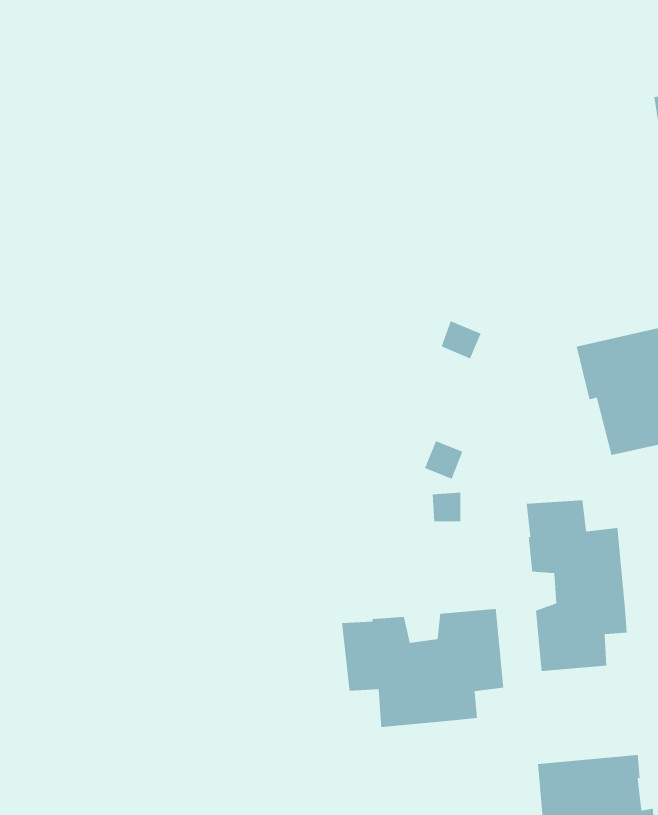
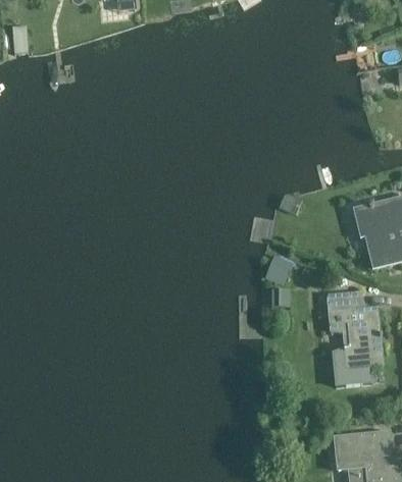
building: [341,608,504,728] -> none

